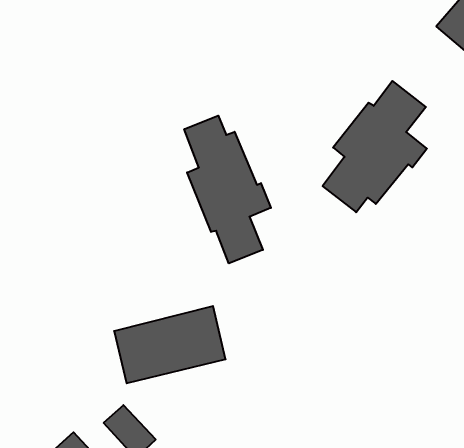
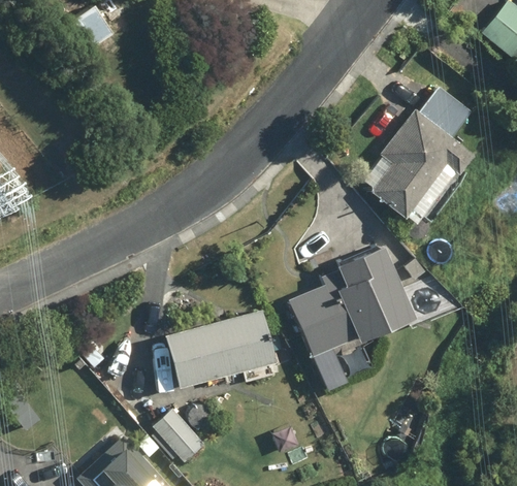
building: [184,116,271,263] -> none
building: none -> [289,244,410,388]

